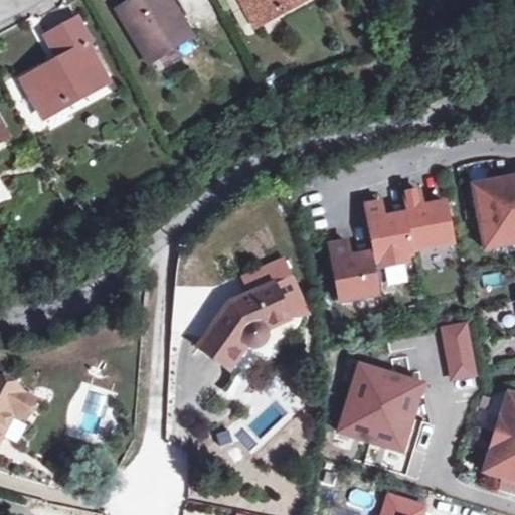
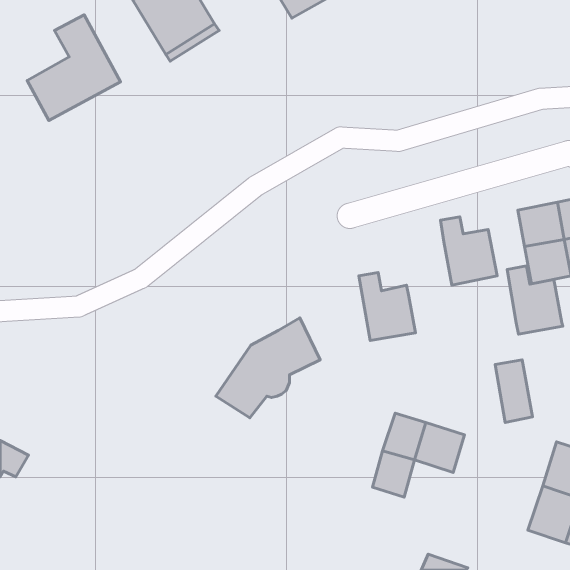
building: [361,202,410,263] -> [507,266,563,334]
building: [245,258,309,319] -> none
building: [367,407,410,451] -> none

